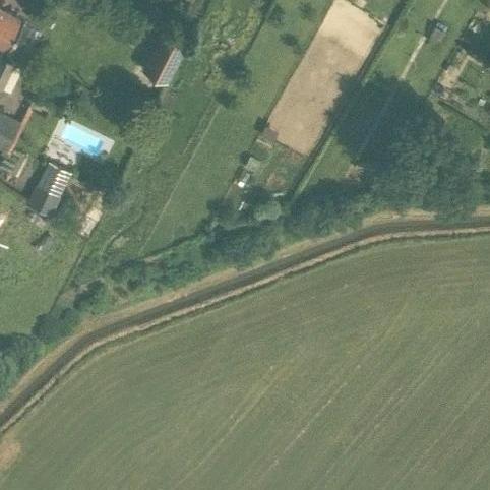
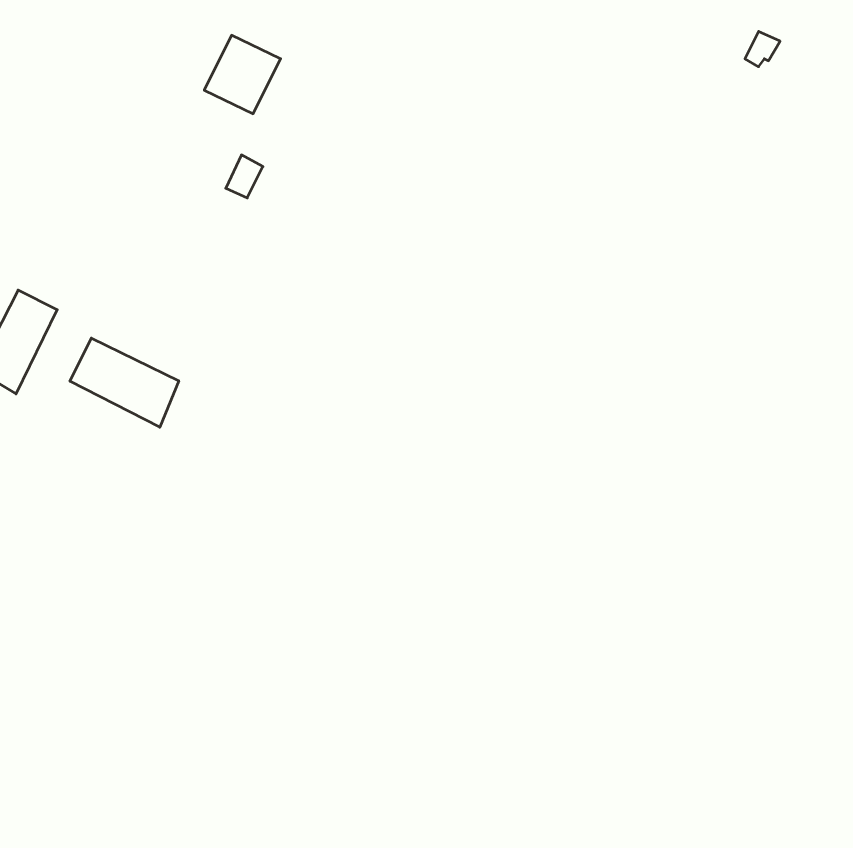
building: none -> [70,338,179,427]

